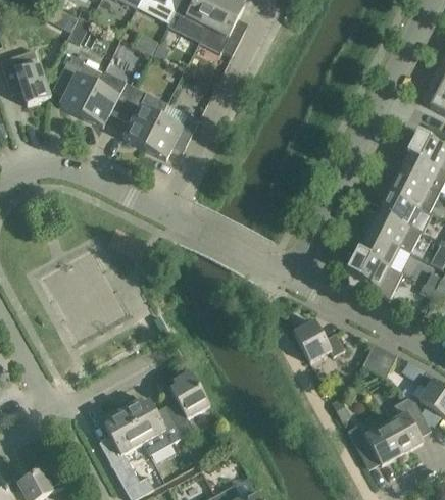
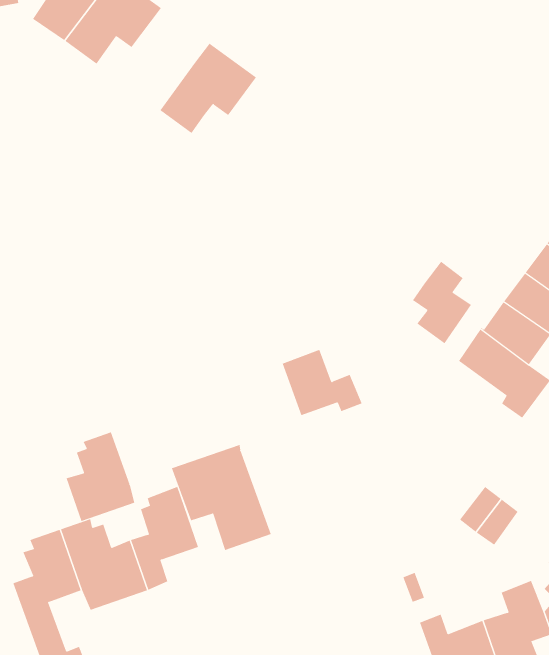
building: [122,87,168,148] -> none
building: none -> [412,261,472,344]
building: [294,320,346,362] -> [282,349,363,416]
building: none -> [171,444,271,551]
building: none -> [66,431,135,522]

